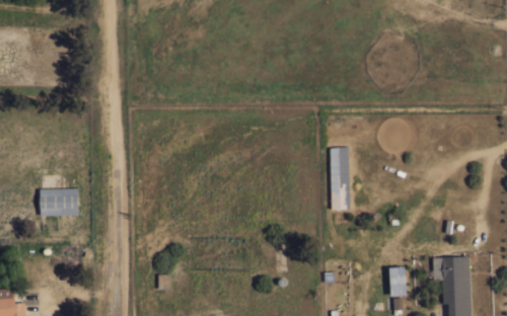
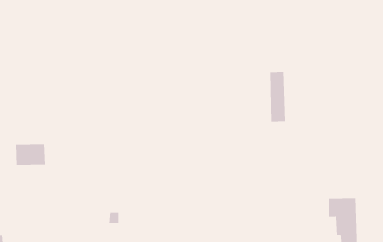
building: [330,147,350,211] -> [270,72,286,122]
building: [391,266,408,296] -> none

